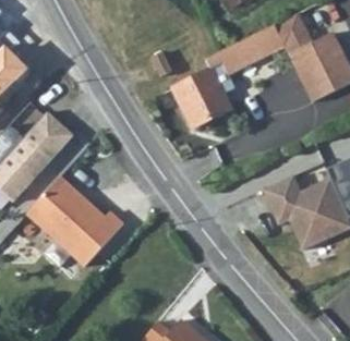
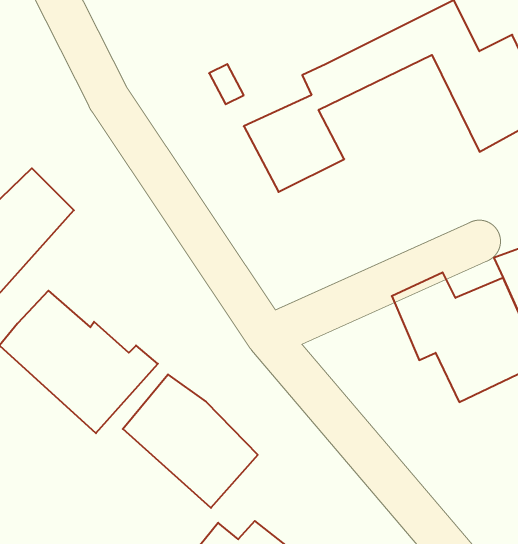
building: none -> [123,374,258,508]

